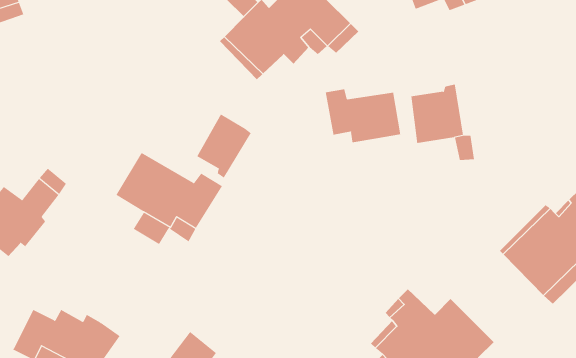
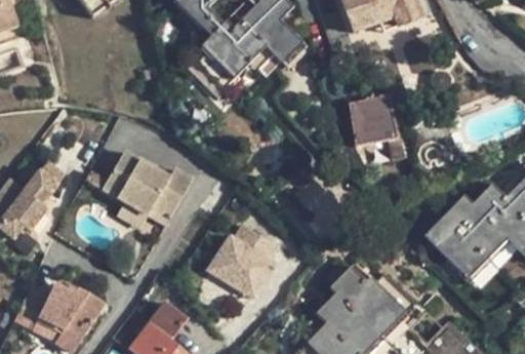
building: [325,88,401,143] -> none
building: [197,114,251,179] -> none
building: none -> [207,218,283,297]

